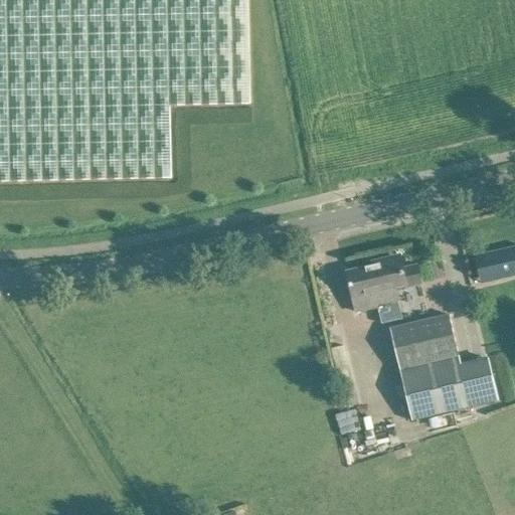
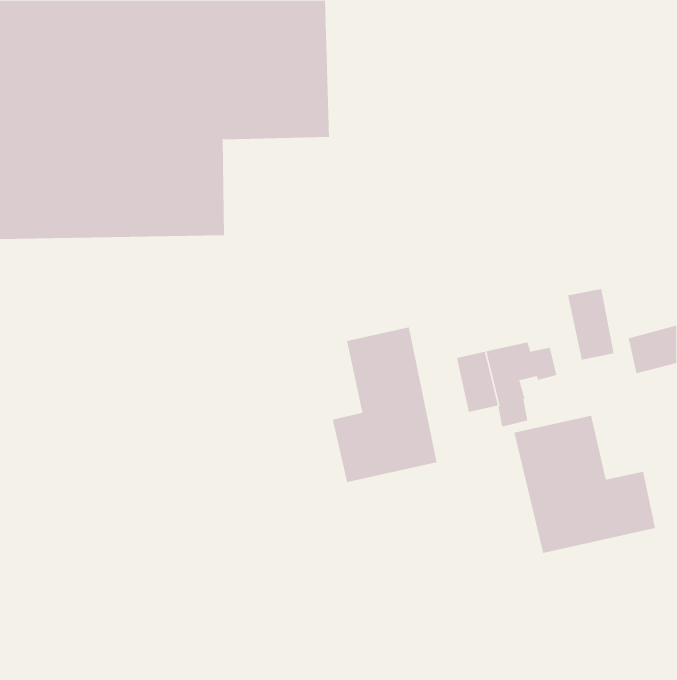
building: none -> [568,288,614,360]
building: none -> [332,326,437,483]

